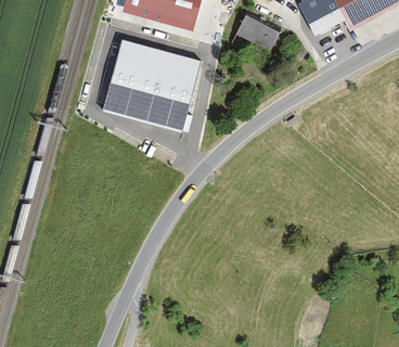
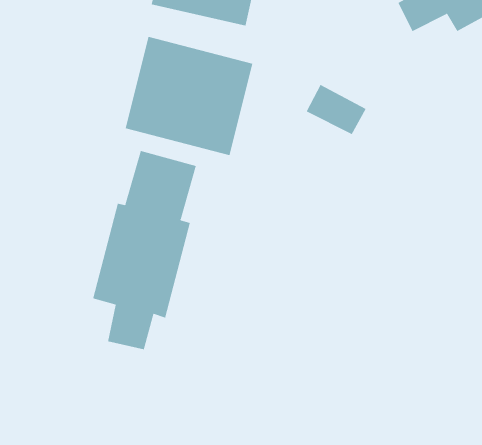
building: [236,16,282,54] -> [306,84,366,135]
building: none -> [93,150,196,350]

